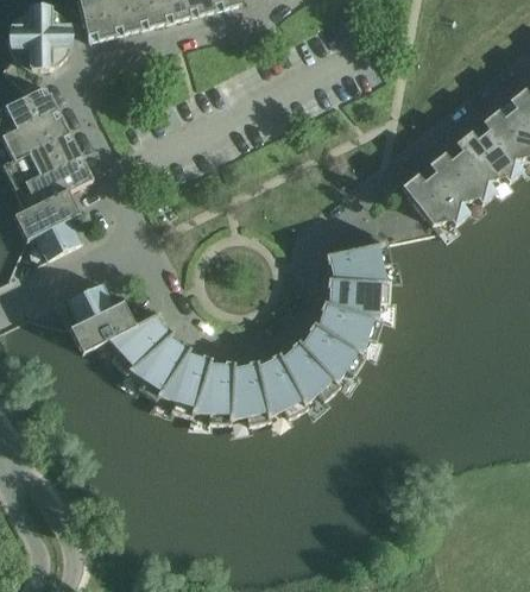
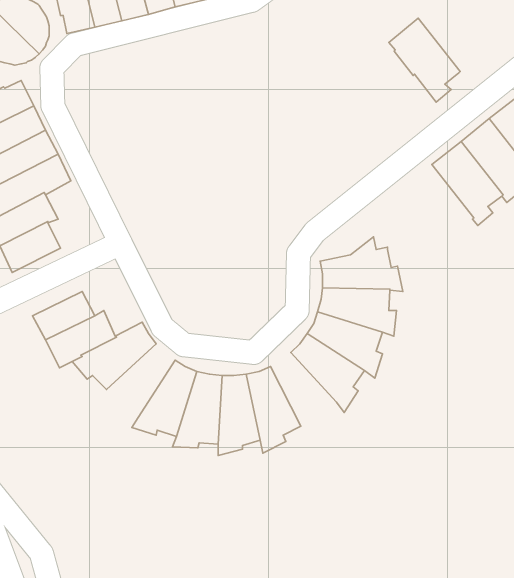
building: [403,160,469,239] -> [389,18,460,102]
building: [116,328,190,397] -> none
building: [279,336,341,416] -> none

